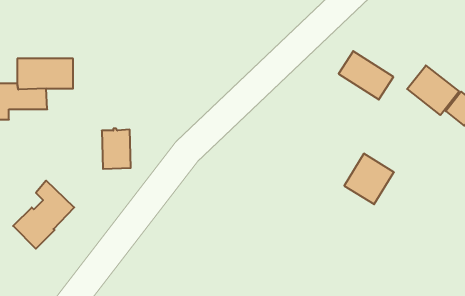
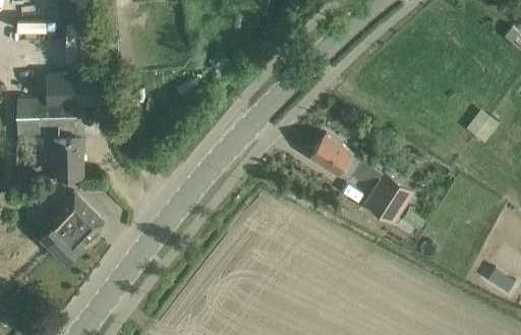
building: [339,51,393,100] -> [308,134,362,182]
building: [407,65,459,115] -> none
building: [102,129,131,169] -> [53,141,81,180]

